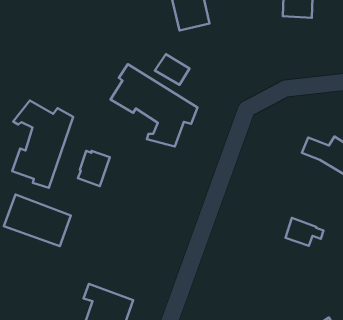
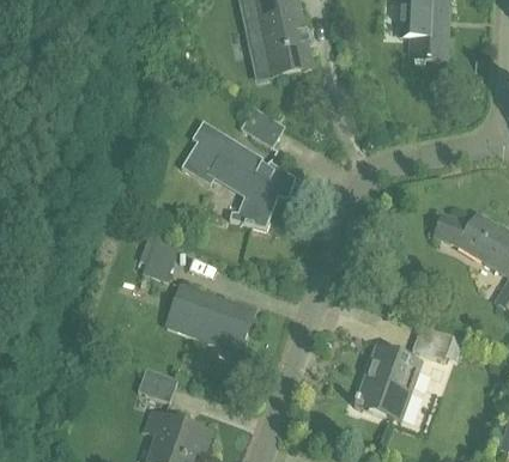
building: [12,101,73,188] -> none
building: [4,195,71,246] -> [165,284,254,352]
building: none -> [356,347,419,420]
building: none -> [138,369,177,402]

